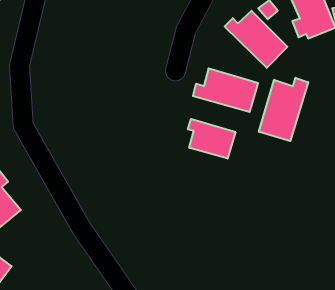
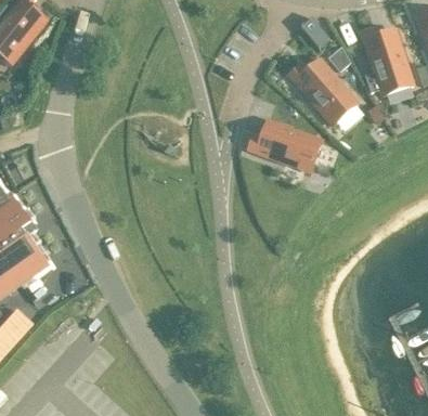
building: [259,78,308,141] -> none
building: [188,119,235,159] -> none

